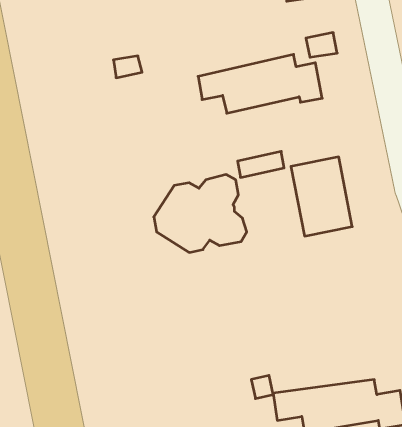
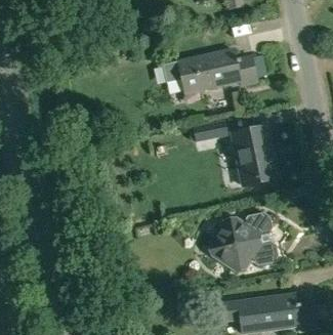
building: [154,175,247,252] -> [209,212,279,270]

